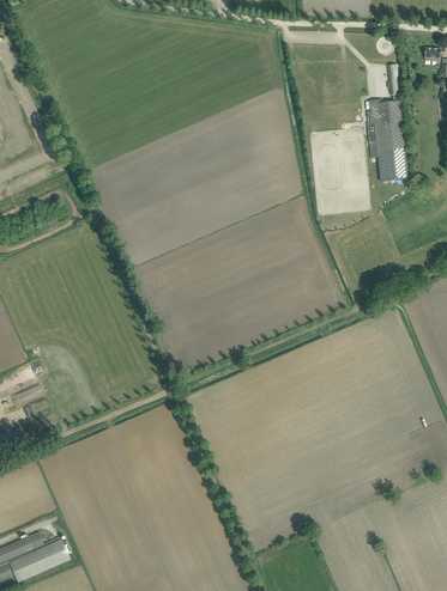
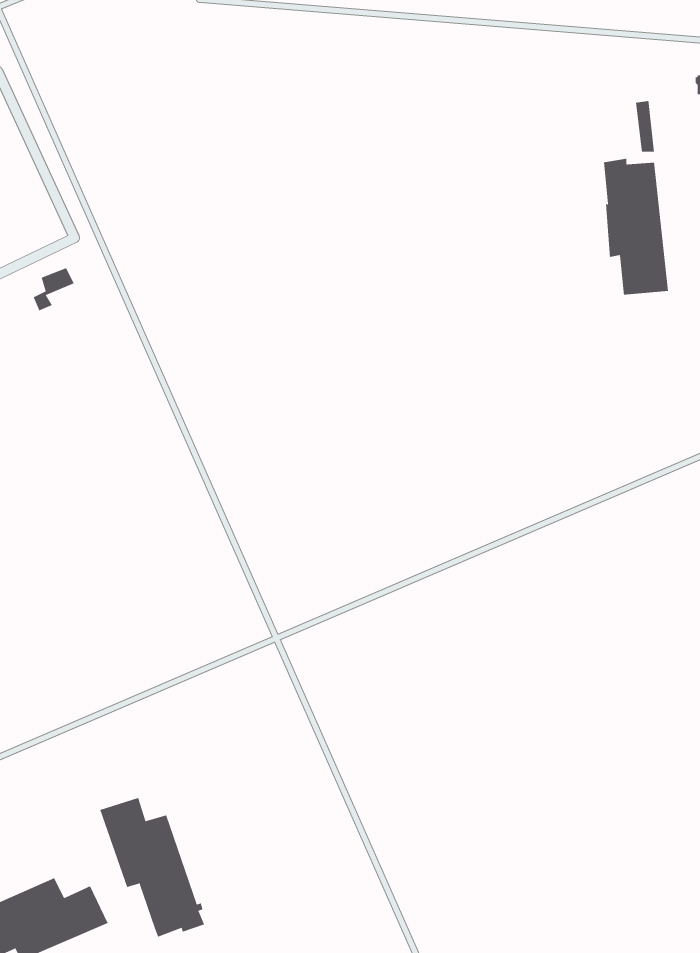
building: none -> [100,797,205,937]

